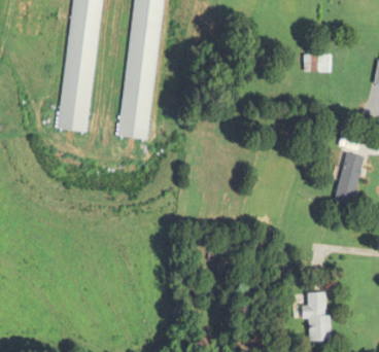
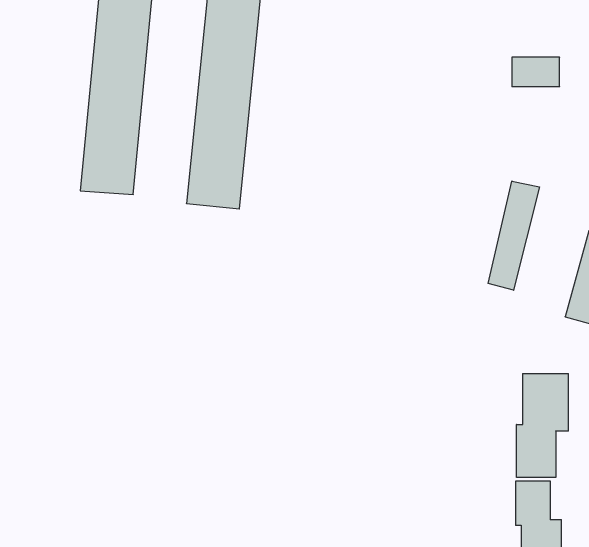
building: none -> [488,181,539,290]
building: none -> [517,374,568,477]

